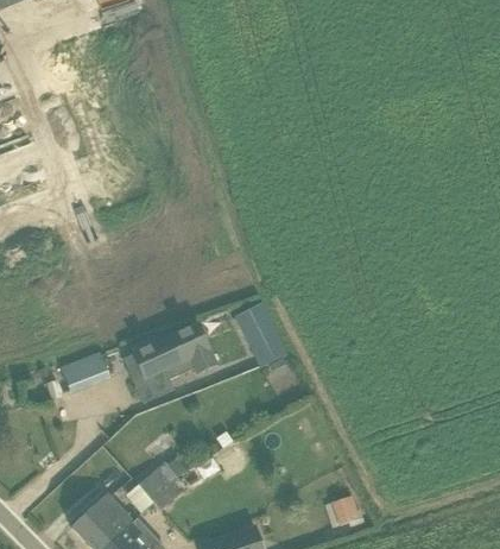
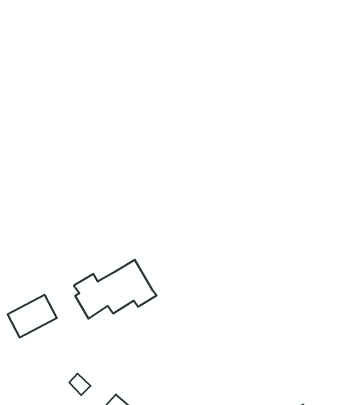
building: [234,301,287,364] -> none

